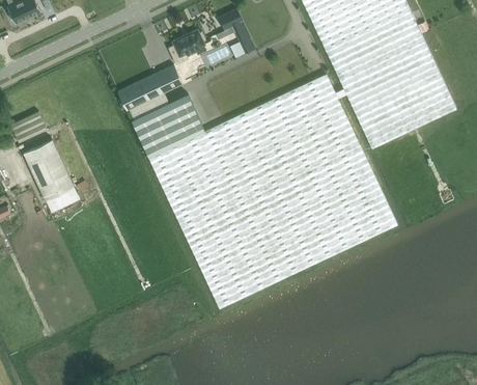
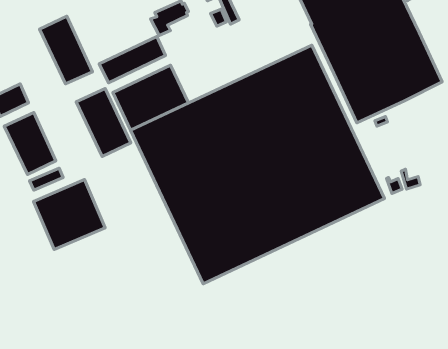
building: none -> [39,16,93,84]
building: none -> [76,88,131,156]
building: none -> [33,180,105,250]

